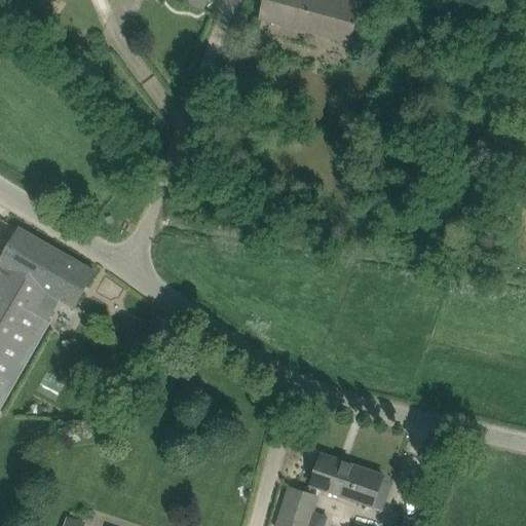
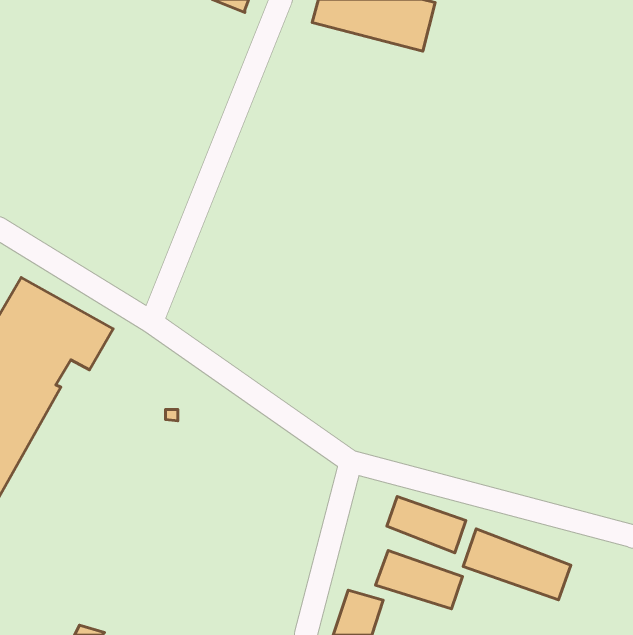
building: none -> [387,496,466,553]
building: none -> [463,529,571,600]

